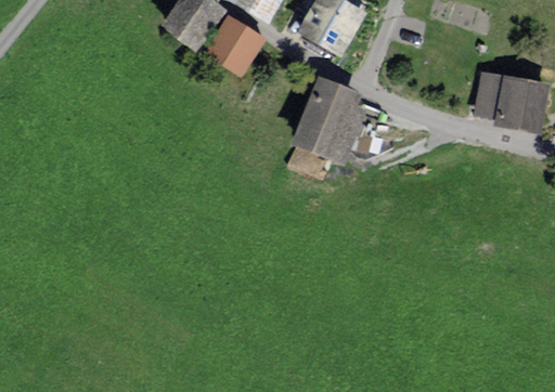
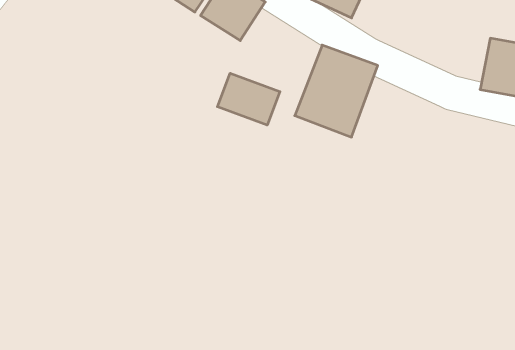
building: none -> [217,73,280,125]

